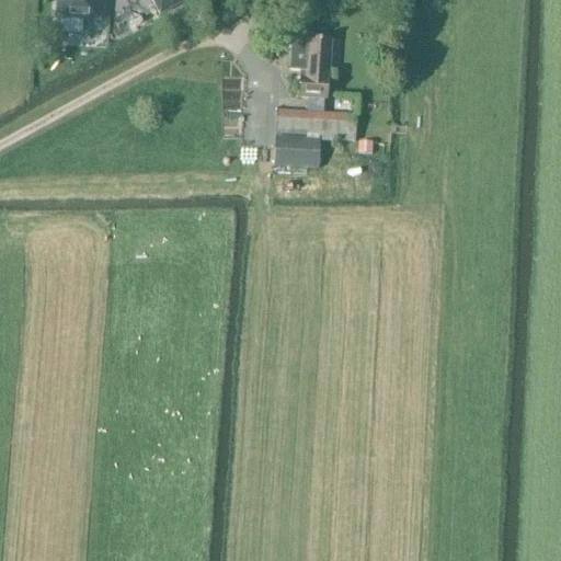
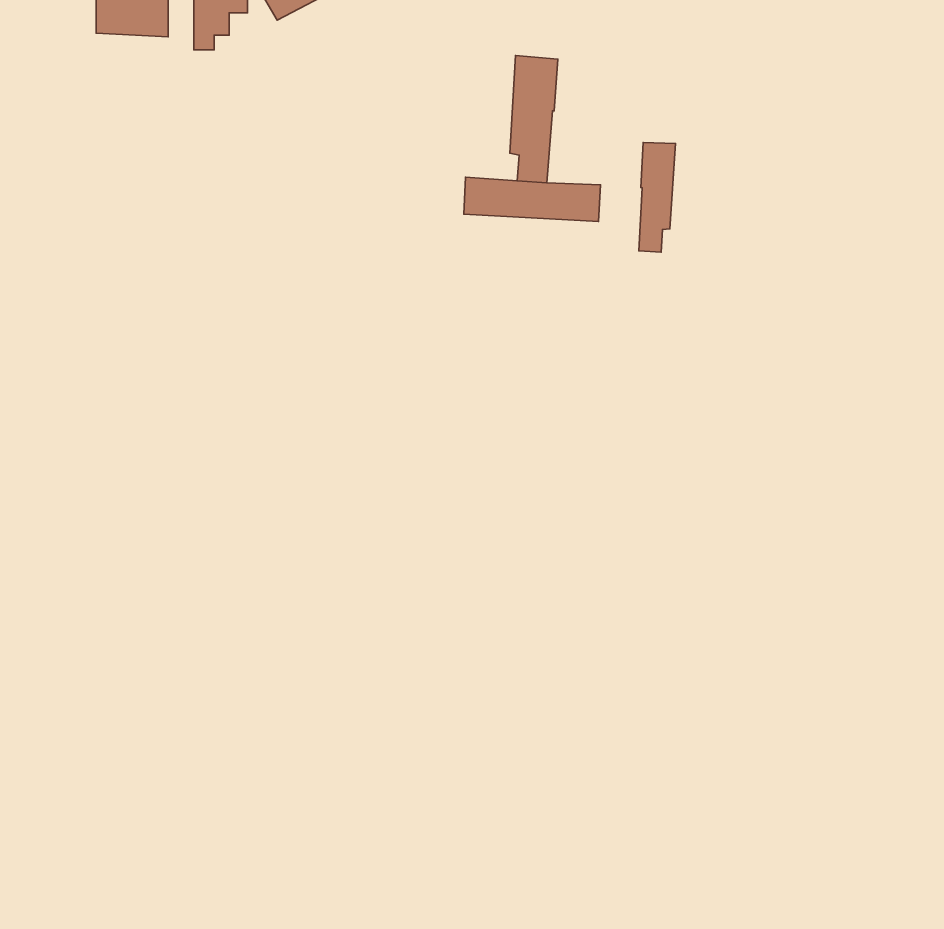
building: none -> [639,142,675,252]
building: [274,130,319,161] -> none

